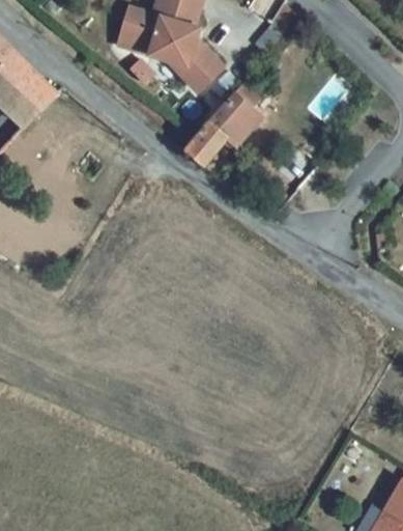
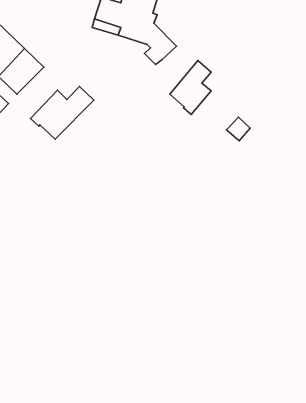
building: none -> [31,87,94,139]
building: [185,124,228,168] -> none

